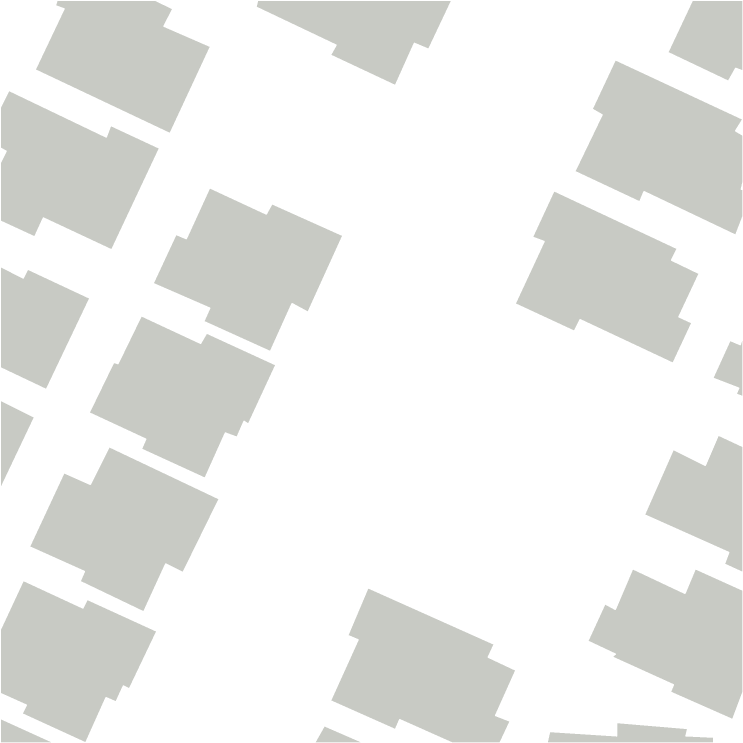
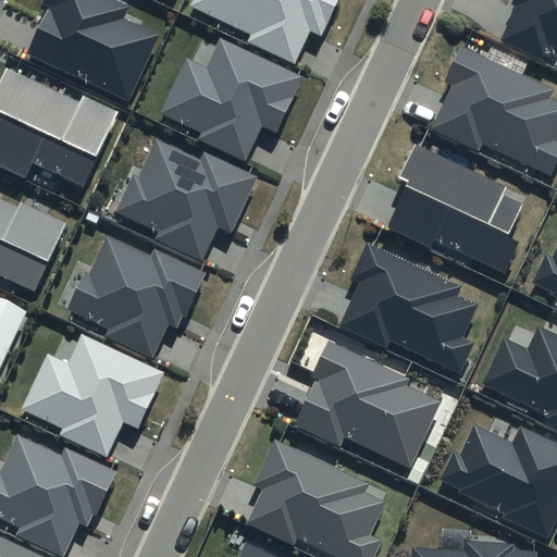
building: none -> [159,38,302,162]
building: none -> [338,244,478,373]
building: none -> [294,342,441,468]

